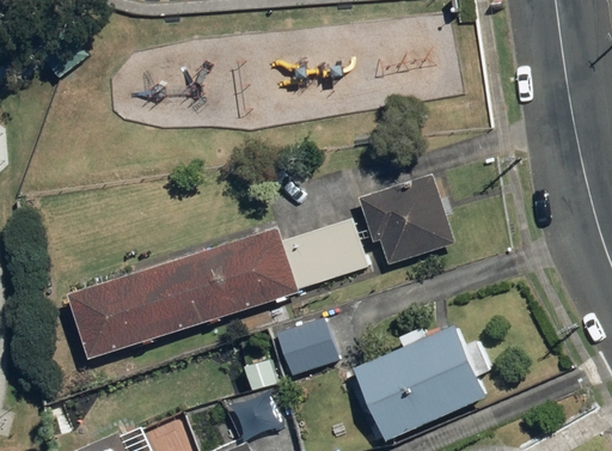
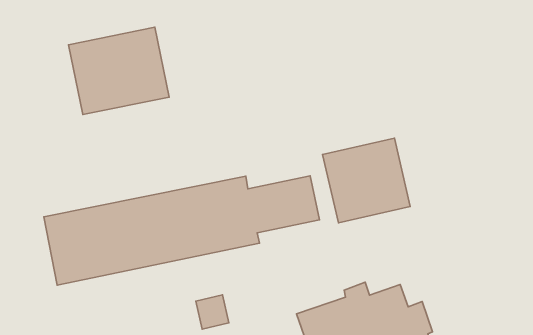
building: none -> [69,27,169,115]
building: [270,317,337,379] -> none

